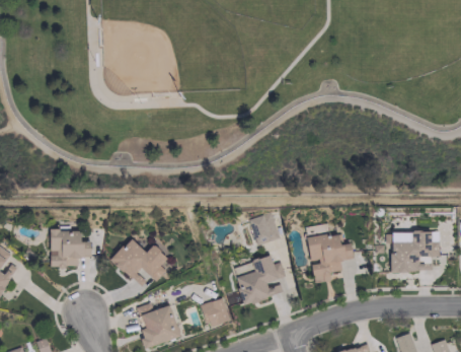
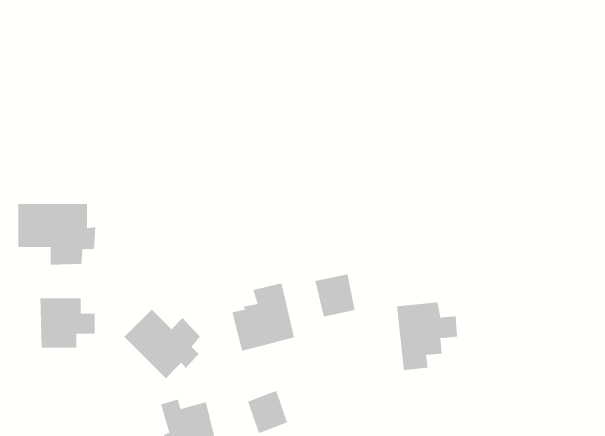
building: none -> [18,203,96,266]
building: [391,231,432,271] -> none
building: [236,254,282,303] -> [232,283,295,351]

